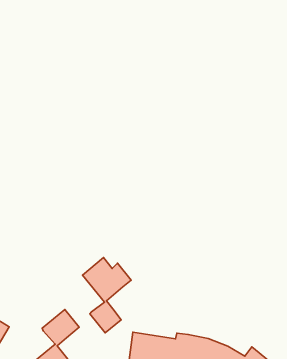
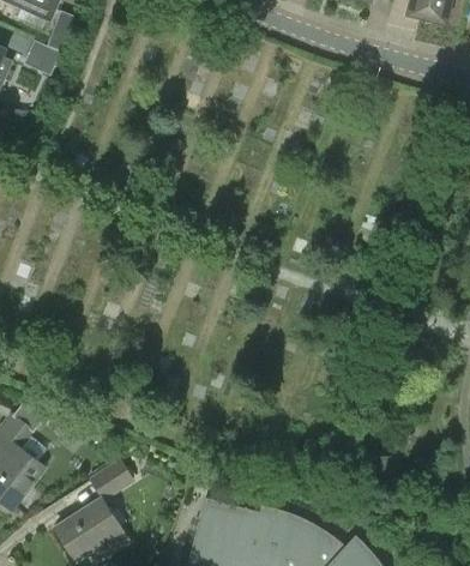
building: [83,257,131,333] -> none

